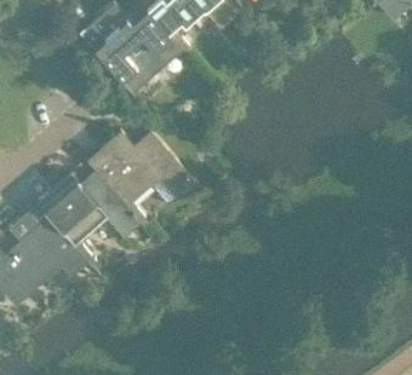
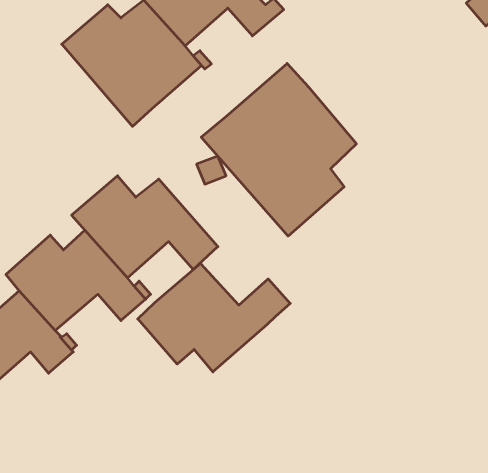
building: none -> [201,63,356,236]
building: none -> [138,264,290,372]

